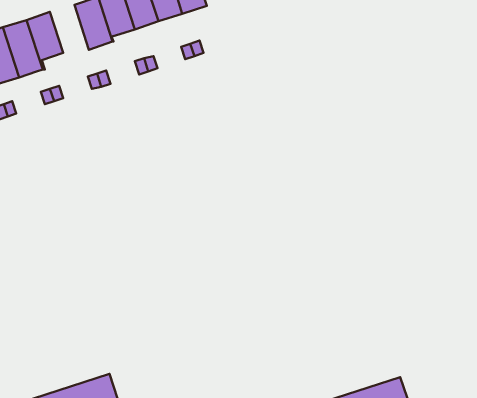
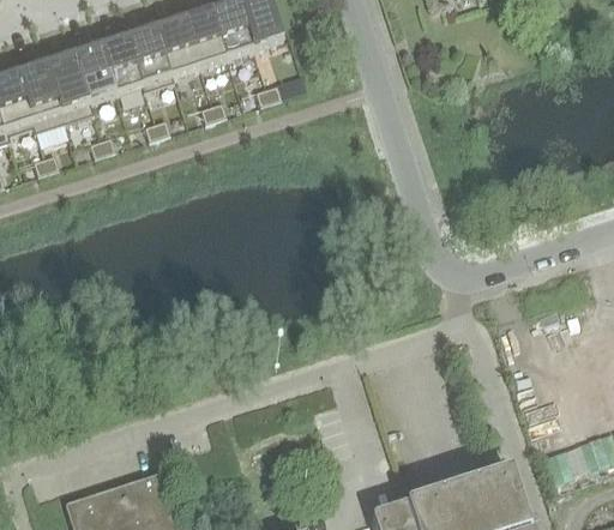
building: none -> [98,35,144,91]

